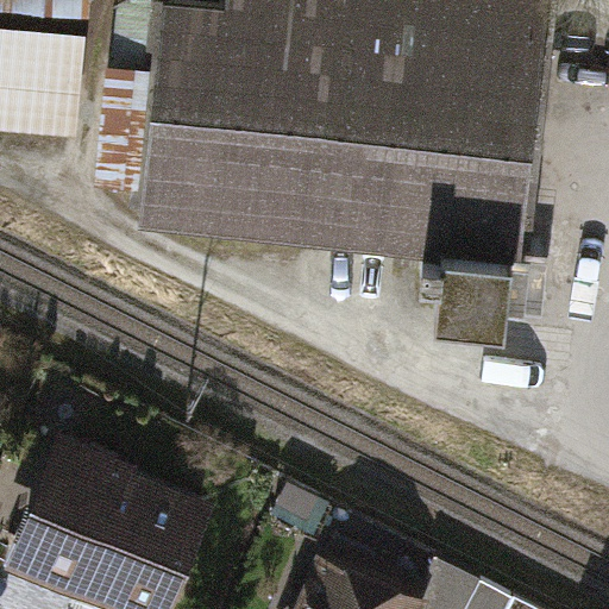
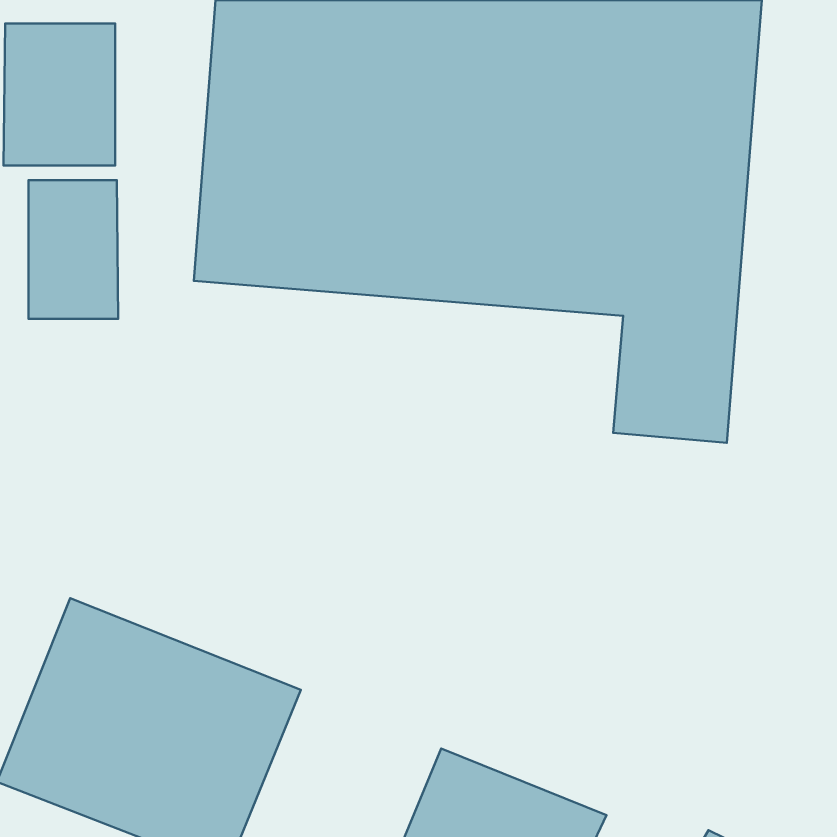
building: none -> [29,180,118,319]

